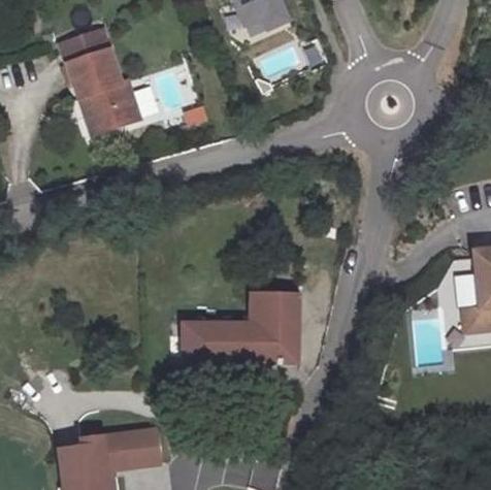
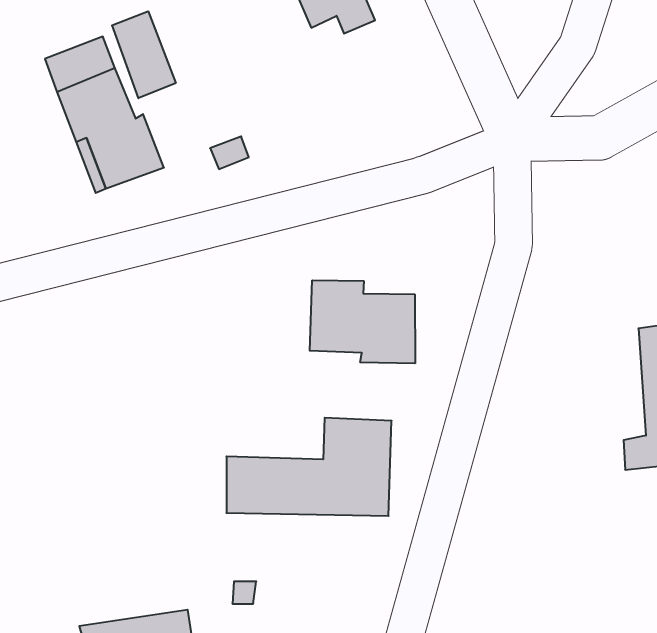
building: none -> [112,11,176,98]
building: none -> [310,280,415,363]

